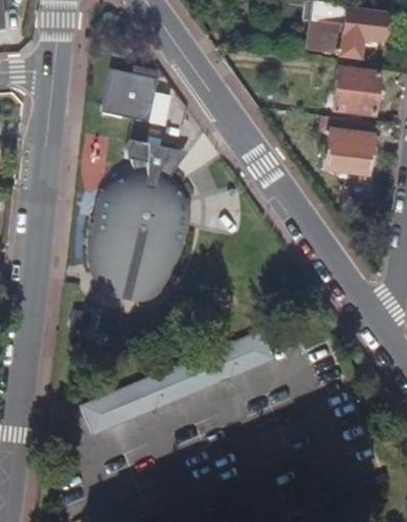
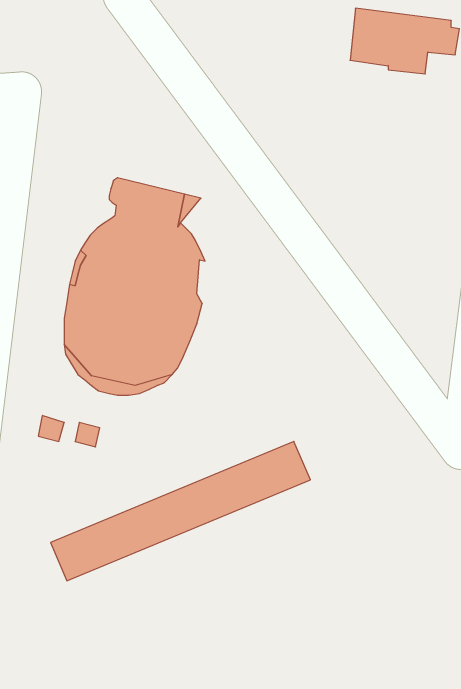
building: [103,64,156,115] -> none
building: [335,69,378,113] -> none
building: [324,117,374,174] -> none

